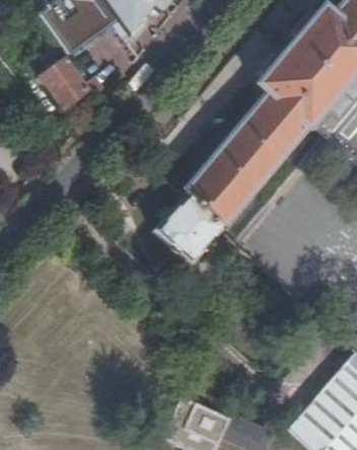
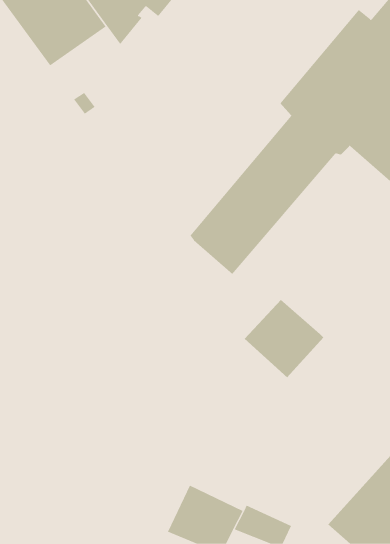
building: [40,47,86,107] -> none
building: [155,199,221,264] -> [244,299,324,378]

